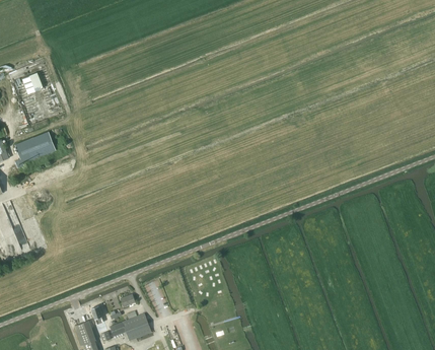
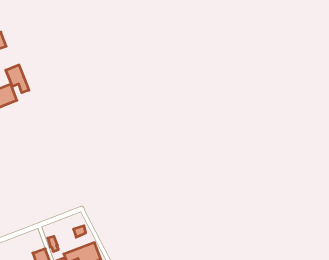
building: none -> [6,65,29,93]

